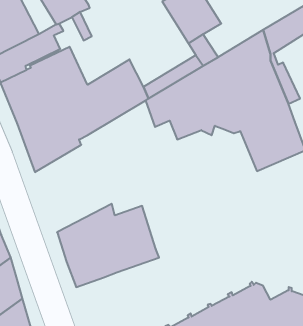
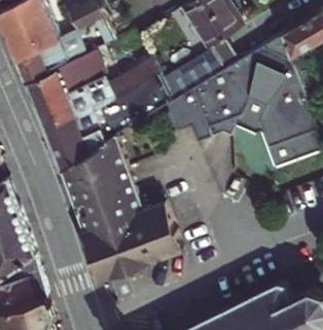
building: none -> [58,137,133,231]

